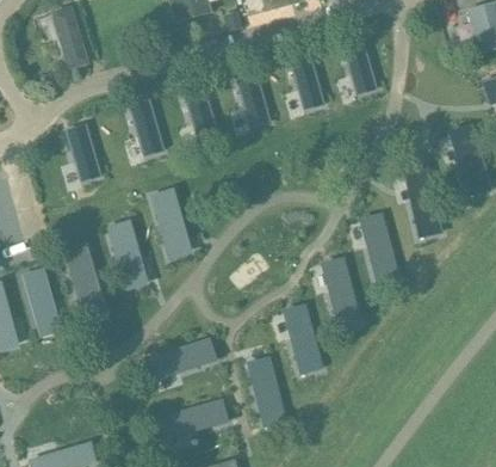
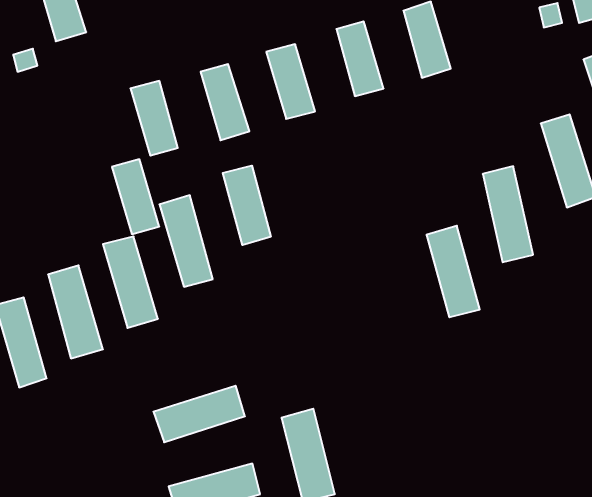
building: [64,123,101,182] -> [112,159,159,234]
building: none -> [223,166,271,245]
building: [321,256,362,327] -> none
building: [283,303,323,375] -> none

